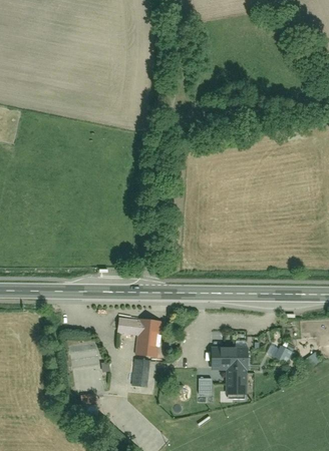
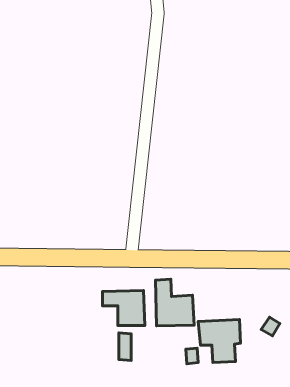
building: none -> [155,279,194,326]

